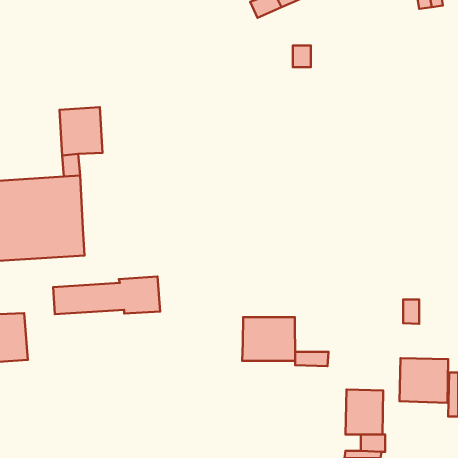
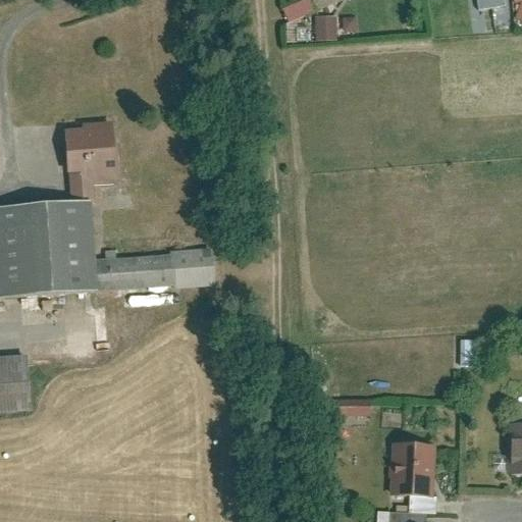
building: [293,45,311,67] -> [316,14,336,39]
building: [53,276,160,314] -> [94,247,215,290]
building: [242,317,295,361] -> none
building: [400,358,448,403] -> none

